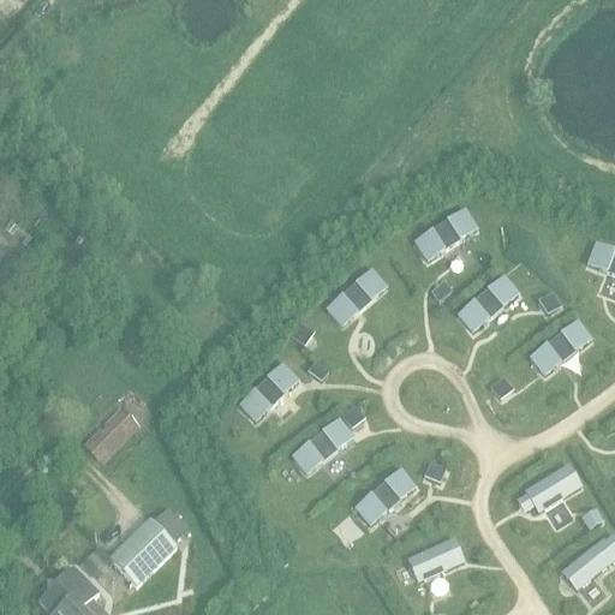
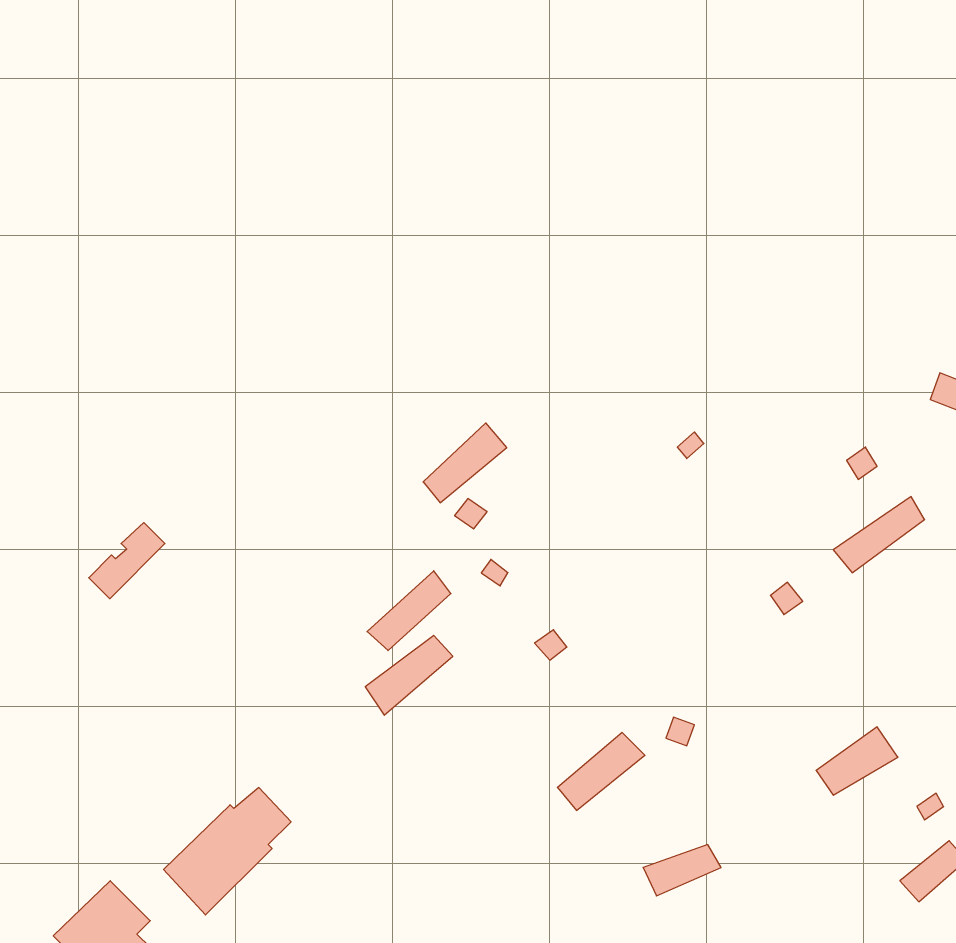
building: [416,211,476,259] -> none
building: [330,270,383,321] -> [423,423,507,503]
building: [458,276,515,328] -> none
building: [88,411,136,459] -> [89,523,165,599]
building: [298,422,353,472] -> [365,635,453,715]

